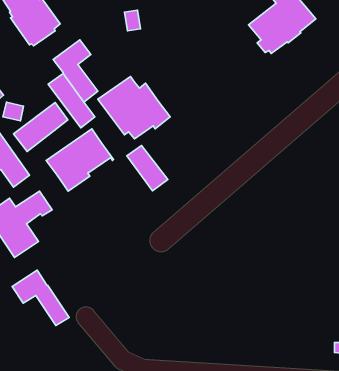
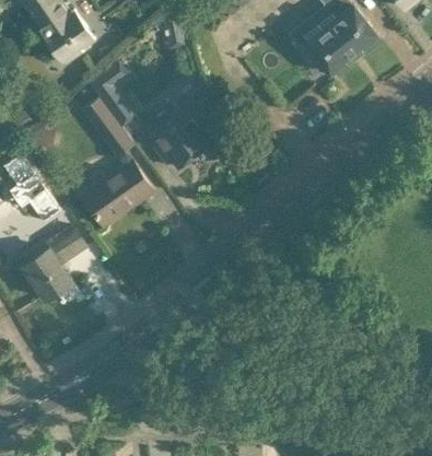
building: [13,102,68,152] -> none
building: [127,145,168,191] -> none
building: [12,270,69,326] -> none

